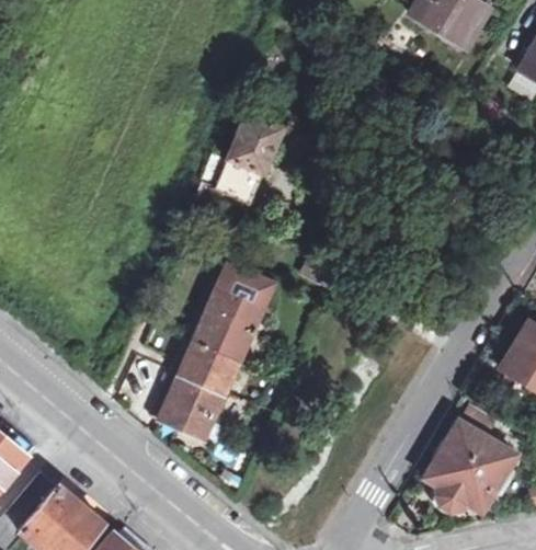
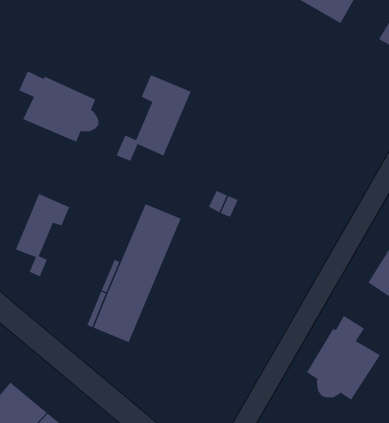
building: none -> [18,71,99,143]
building: none -> [15,193,70,277]

